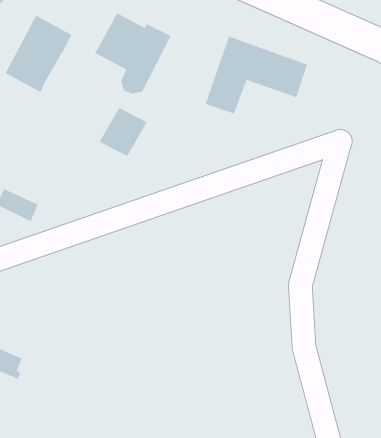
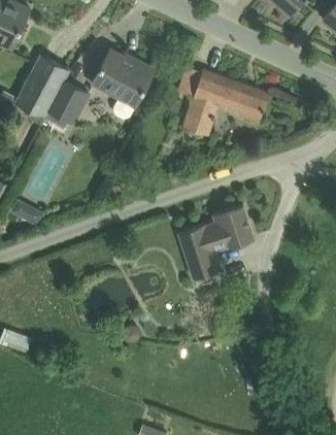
building: [99,107,147,157] -> [51,80,91,122]
building: none -> [177,206,254,279]

